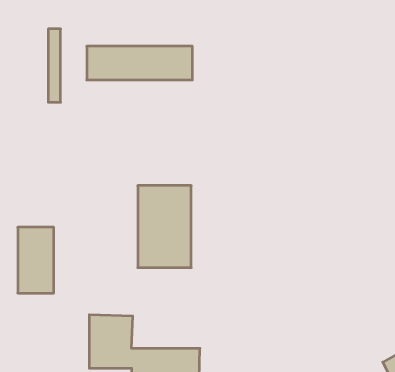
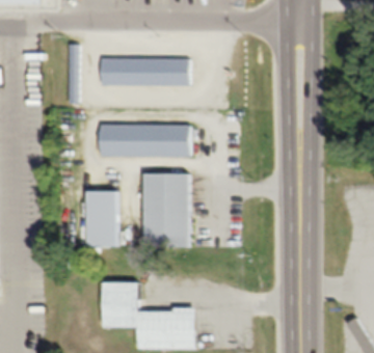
building: none -> [101,126,191,158]
building: [18,227,54,293] -> [87,192,117,247]

